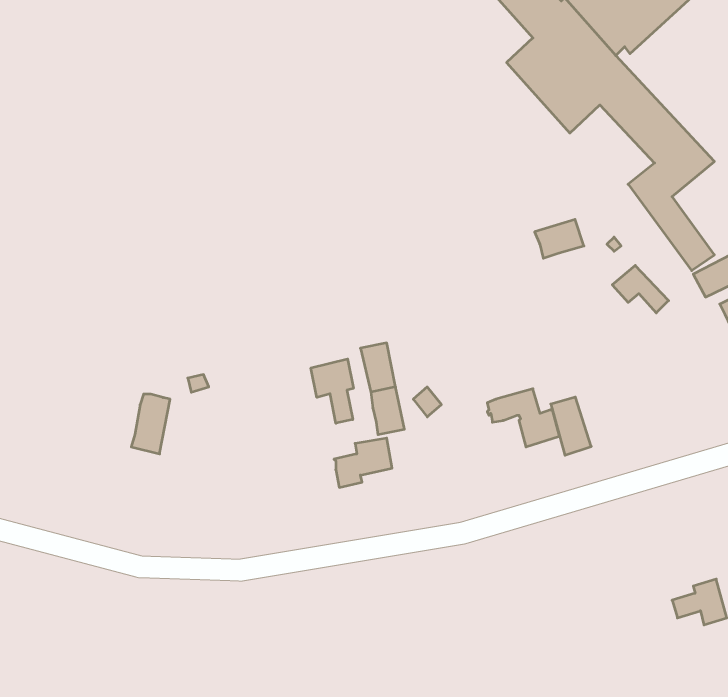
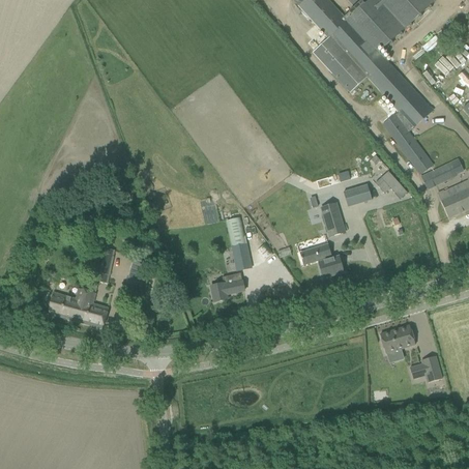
building: [535,219,584,258] -> [343,182,372,205]
building: [311,359,353,423] -> none
building: [551,397,591,455] -> [321,201,345,235]
building: none -> [48,287,108,327]
building: none -> [380,324,415,352]

